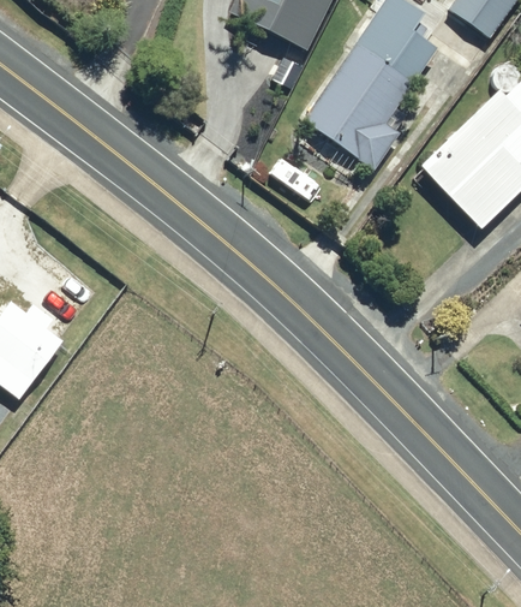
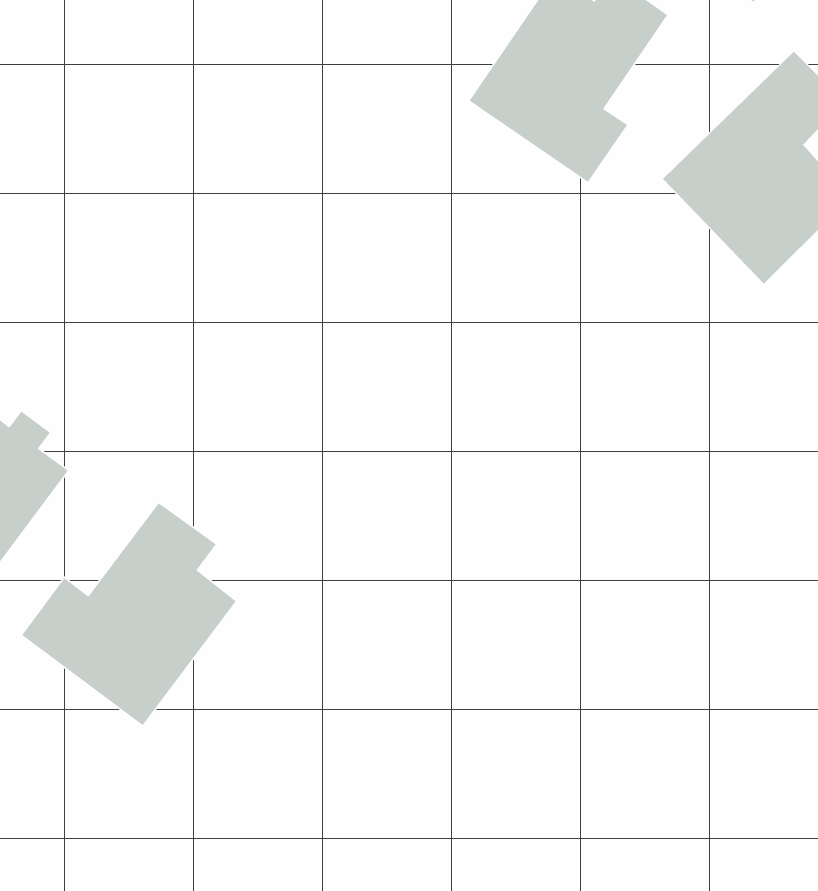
building: none -> [21,502,237,726]

